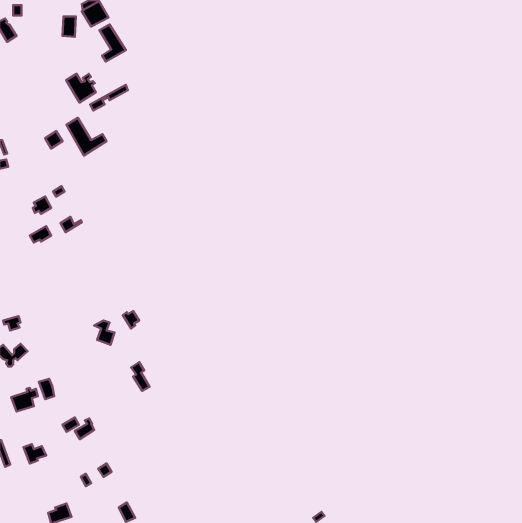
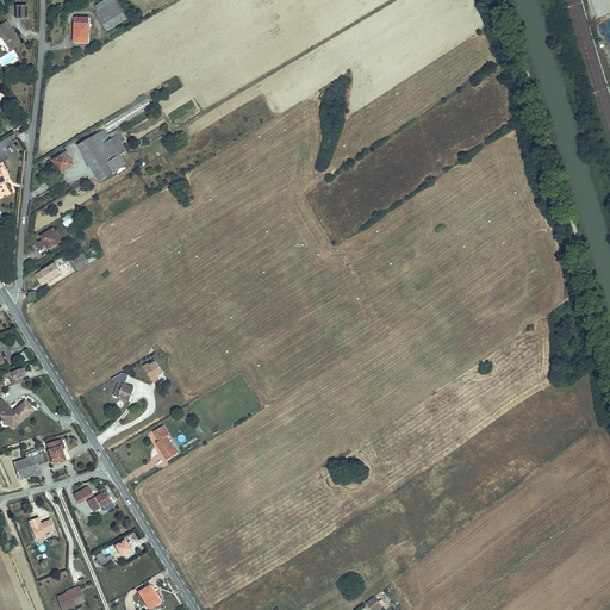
building: [99,24,126,62] -> none
building: [66,74,96,103] -> [91,130,125,163]

